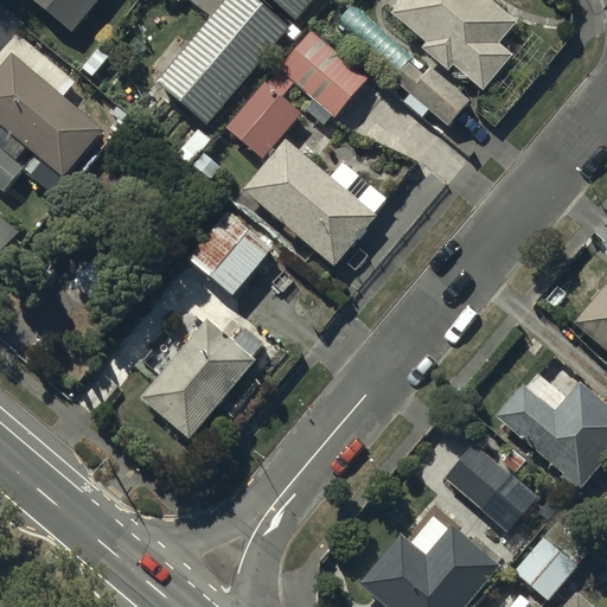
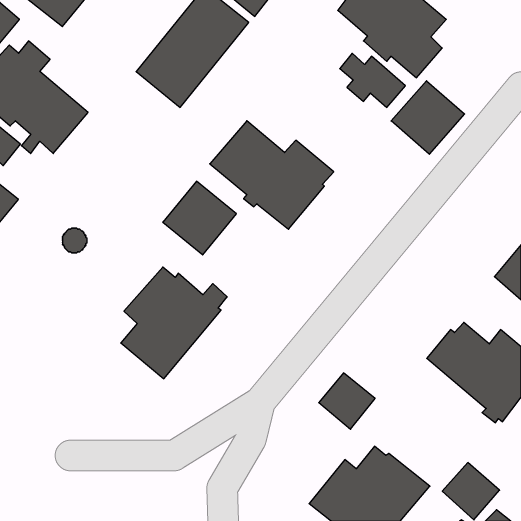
building: [224,31,368,159] -> none
building: none -> [391,81,465,154]
building: [445,445,510,510] -> [319,373,375,429]

